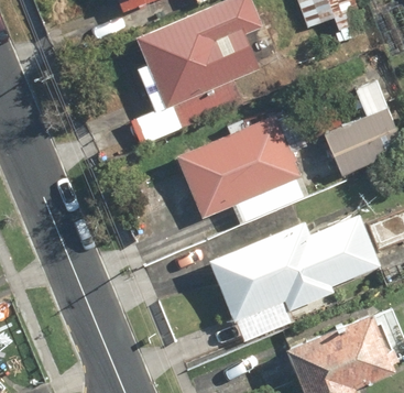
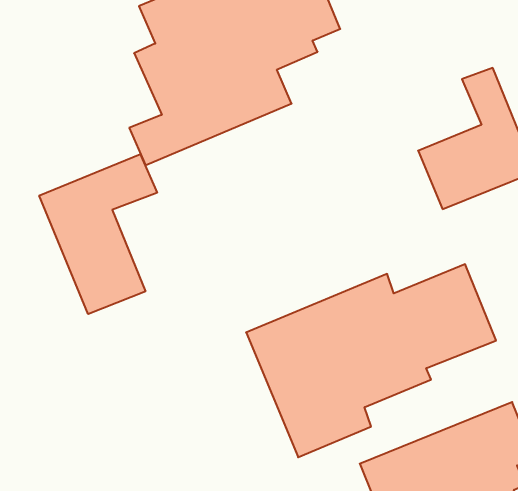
building: [175,117,305,223] -> none
building: none -> [39,154,157,314]

